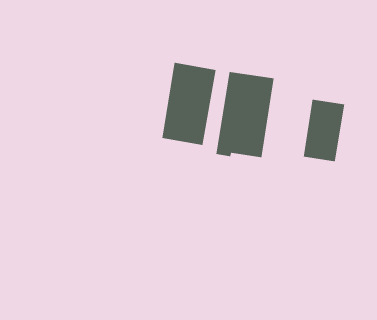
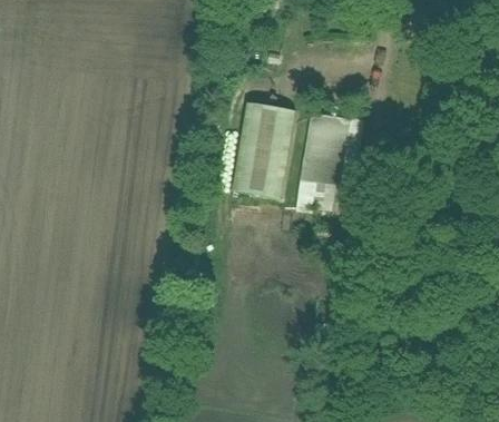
building: [303,99,345,162] -> none

